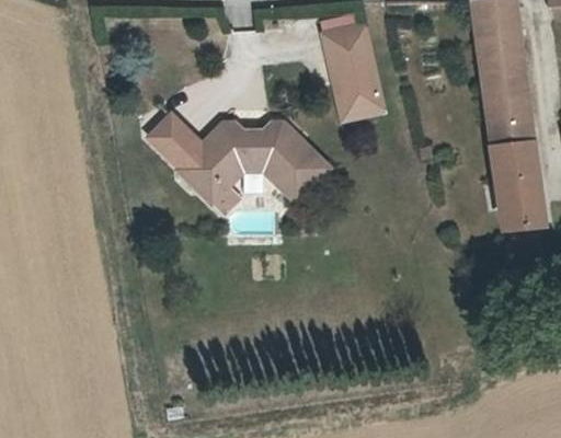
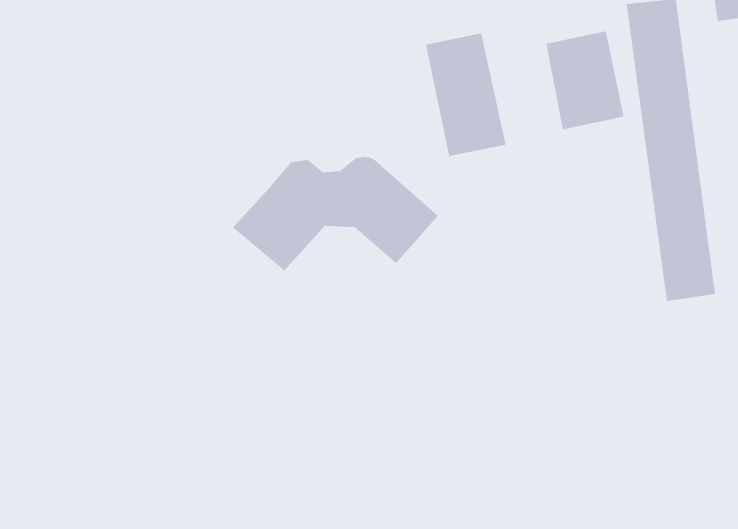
building: none -> [546,30,624,130]
building: [146,115,202,170] -> none

